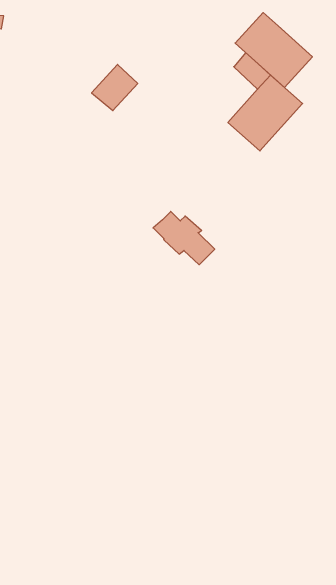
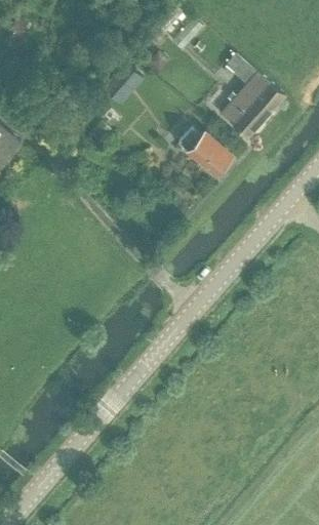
building: [235,13,312,87] -> none
building: [153,211,215,265] -> [177,127,231,173]

